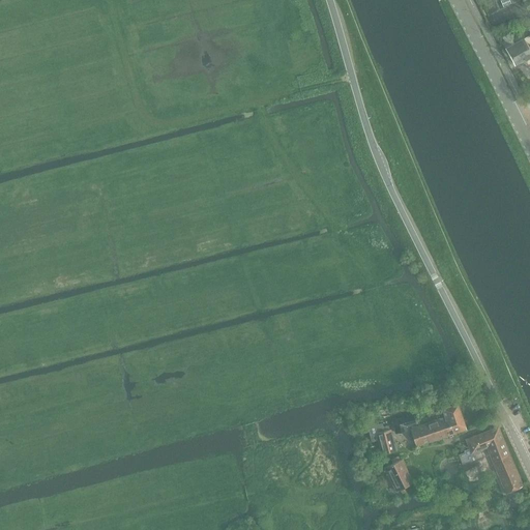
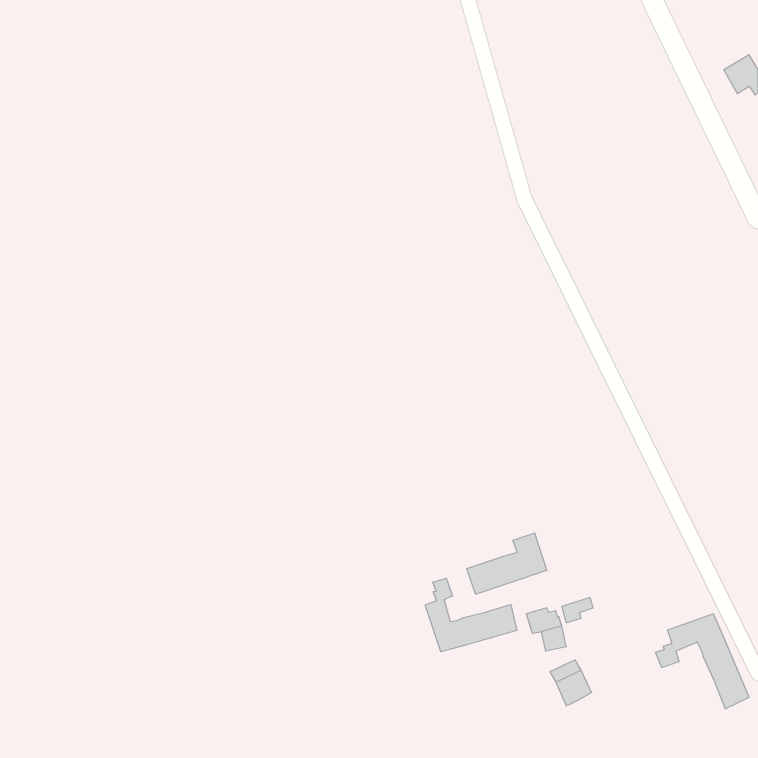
building: none -> [425,578,517,652]
building: [409,405,465,447] -> [467,533,547,594]

